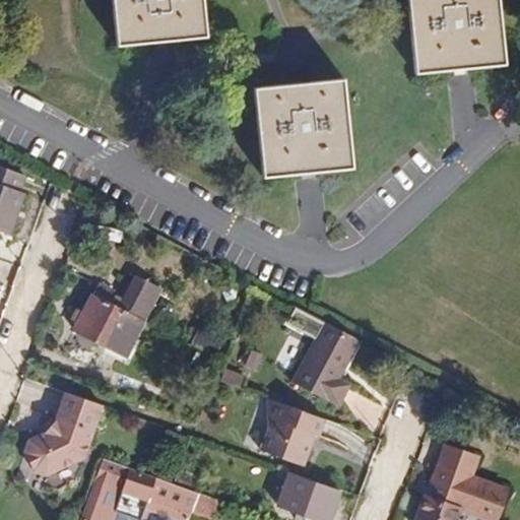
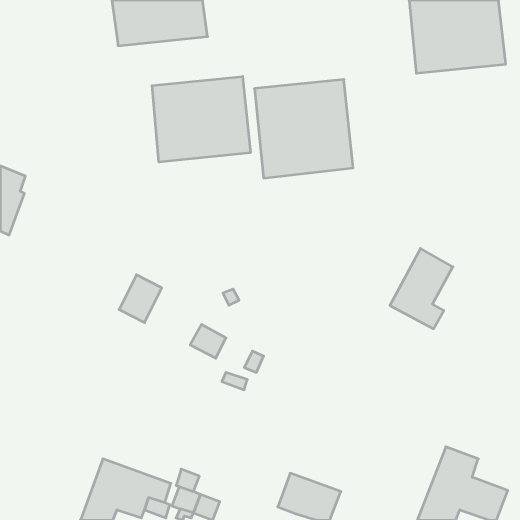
building: none -> [152,76,250,162]
building: [73,295,144,358] -> none
building: [295,323,358,403] -> [390,248,453,329]
building: [25,391,104,475] -> none
building: [260,398,324,463] -> none

